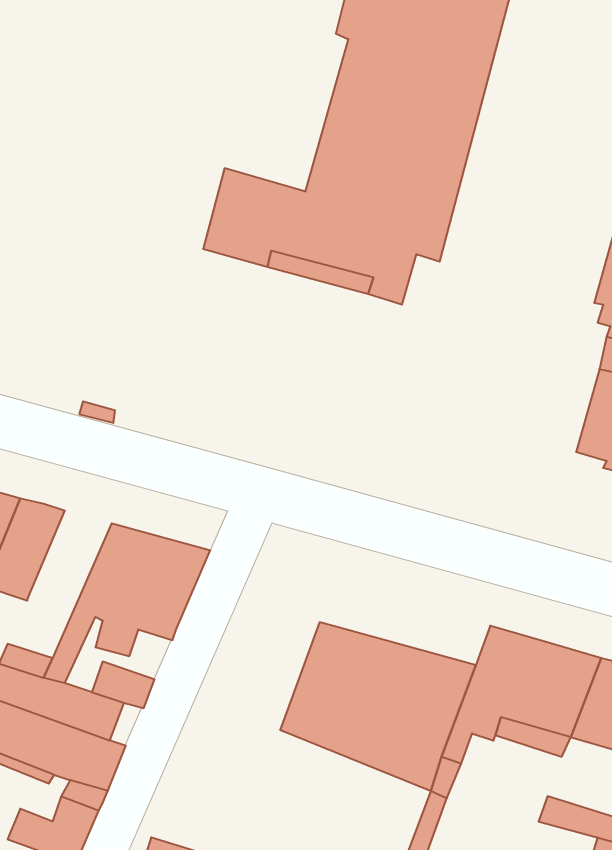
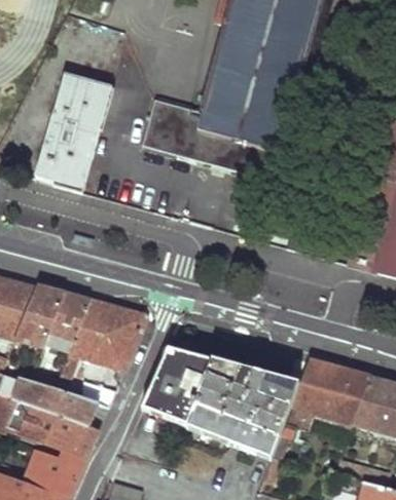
building: none -> [37,74,112,191]
building: none -> [43,294,91,350]
building: none -> [144,346,210,419]

